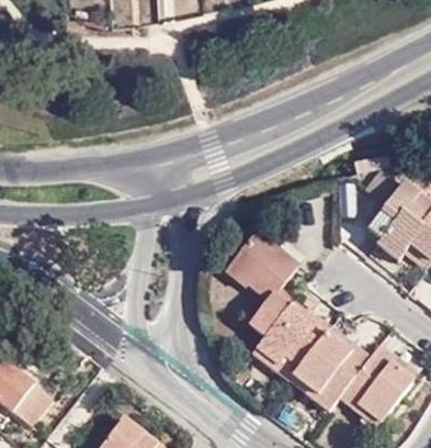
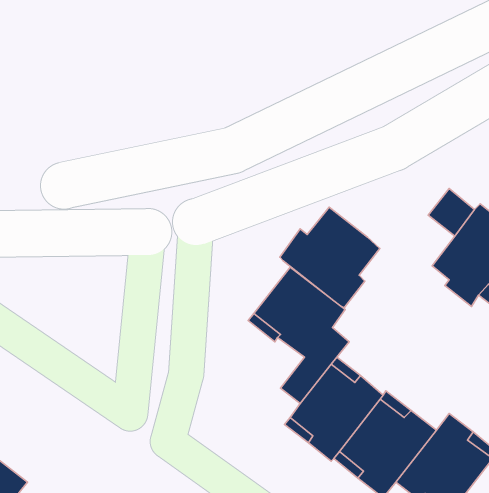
building: none -> [280,207,380,308]

